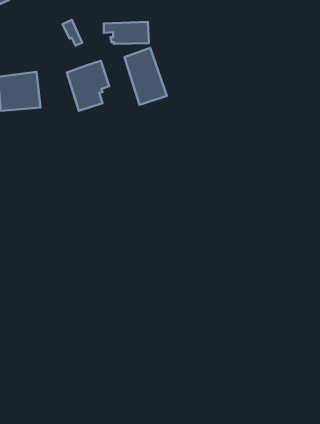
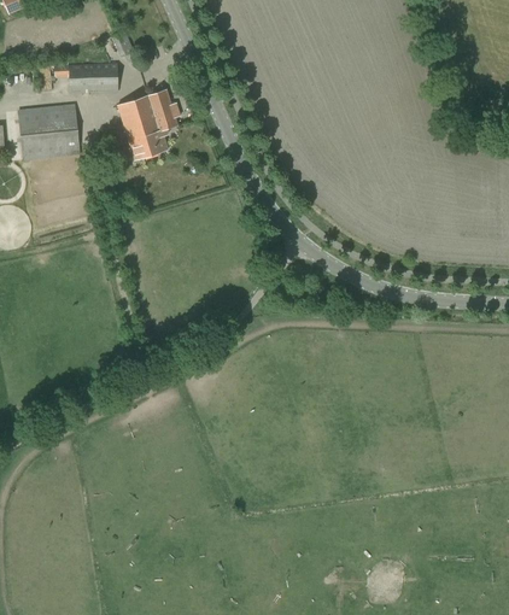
building: [104,22,149,44] -> [54,61,118,93]
building: [125,48,167,105] -> none

